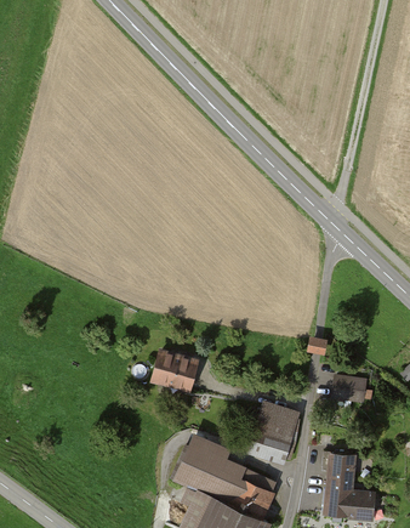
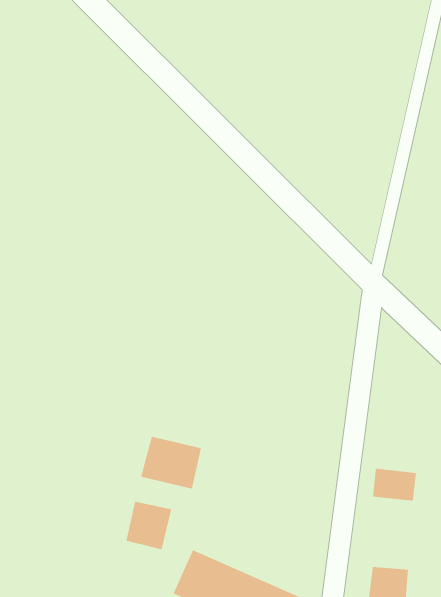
building: none -> [125,501,172,550]
building: [251,403,301,460] -> none

